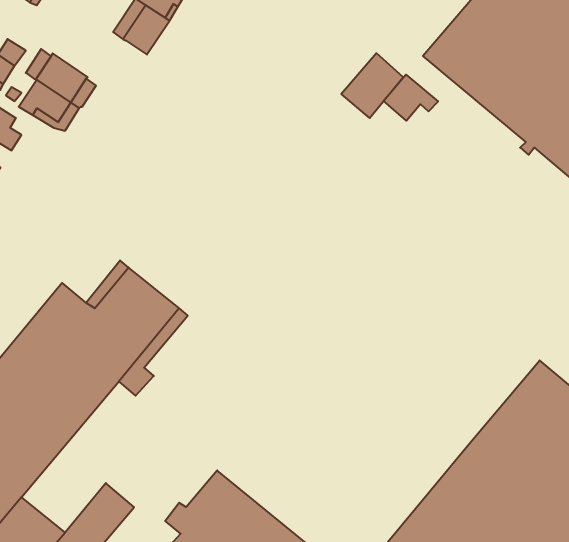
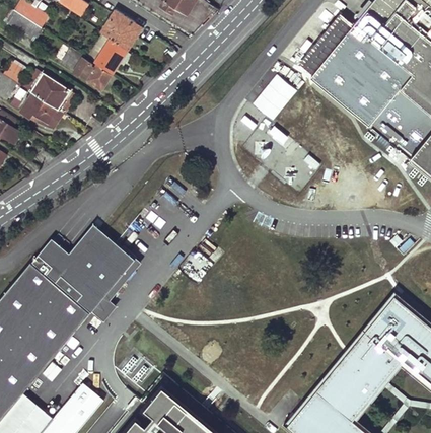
building: none -> [60,48,112,88]
building: [384,75,438,121] -> none

